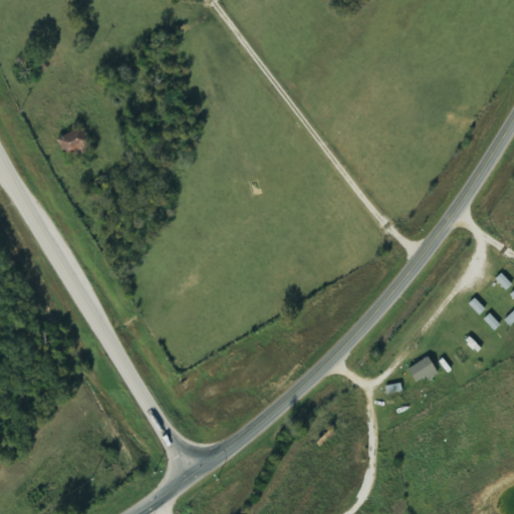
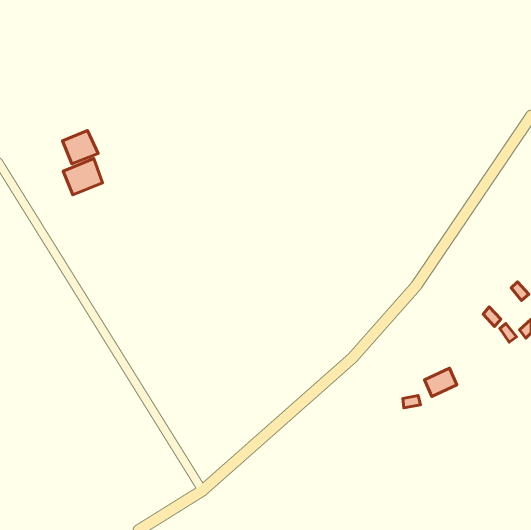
building: none -> [63,159,103,195]

